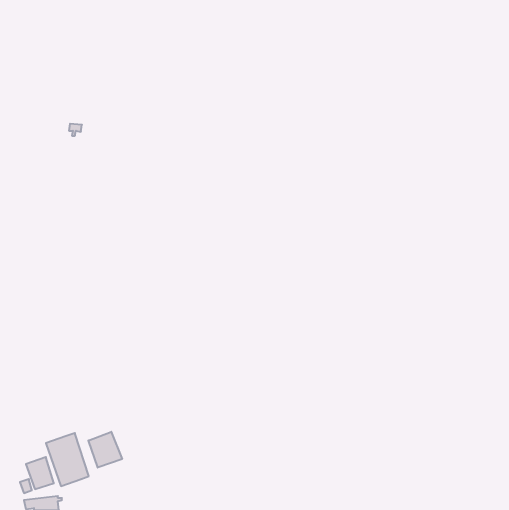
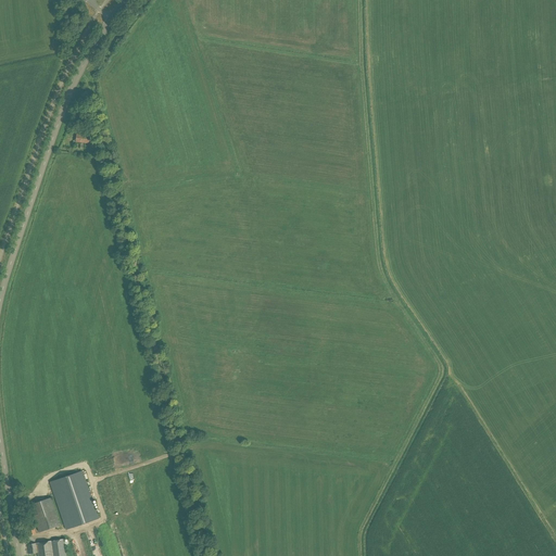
building: [88,432,122,468] -> none

